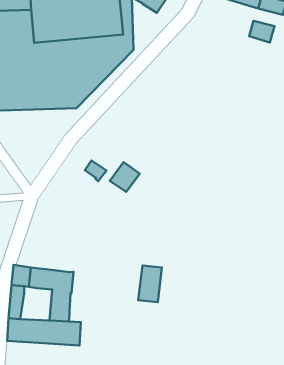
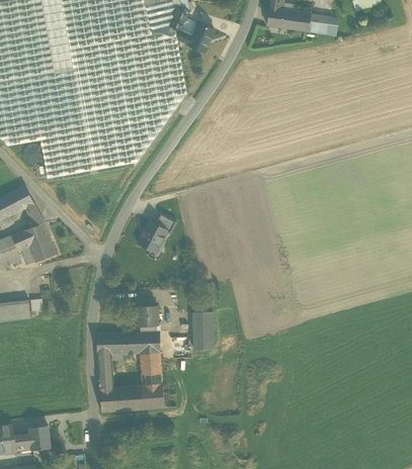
building: [249,21,275,43] -> none
building: [110,162,140,192] -> [138,221,167,252]
building: none -> [136,304,157,324]
building: [138,265,162,302] -> [192,311,214,349]

